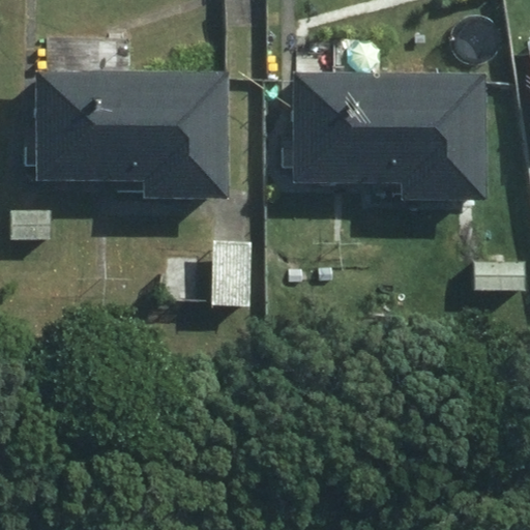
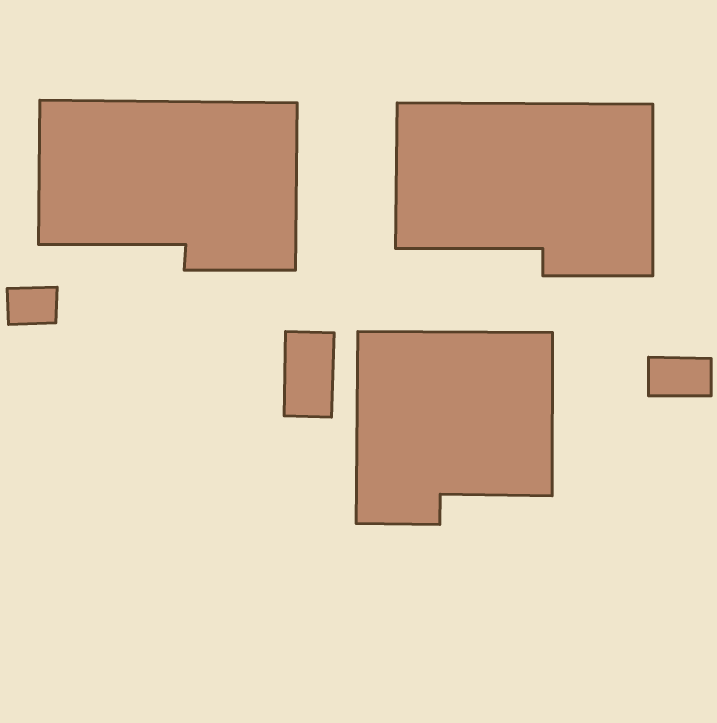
building: none -> [356,332,553,525]

